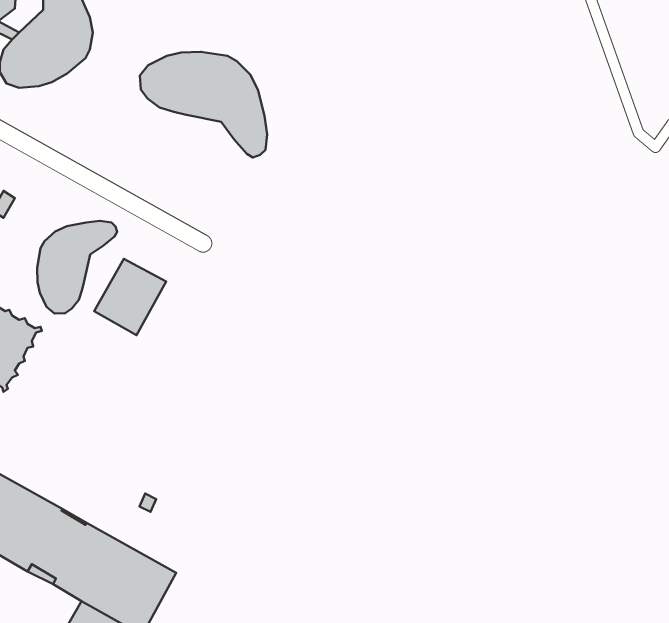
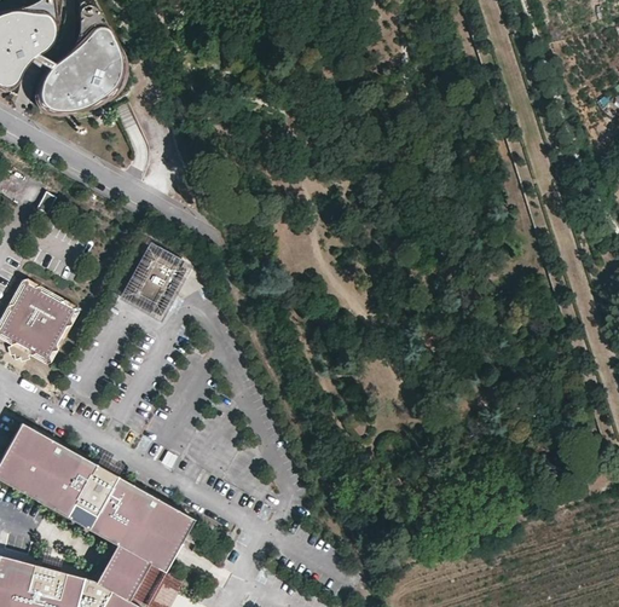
building: [140,52,267,157] -> none
building: [37,221,117,314] -> none

